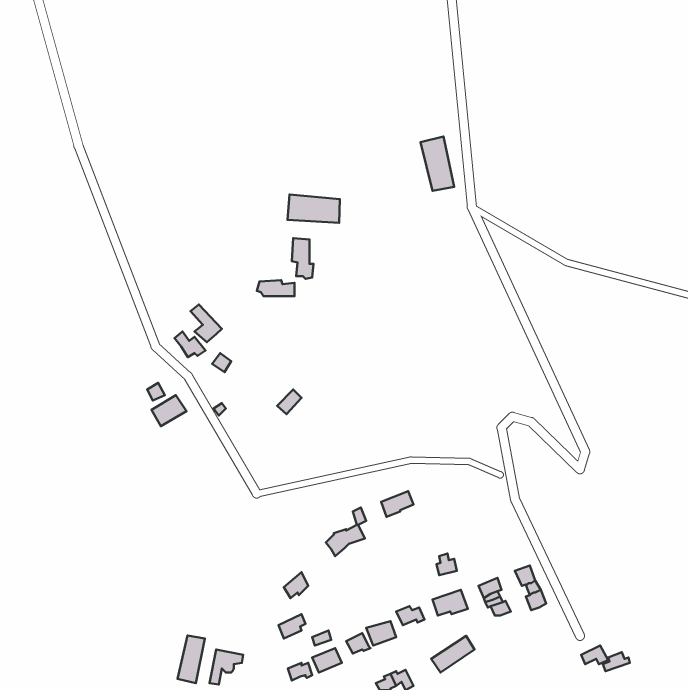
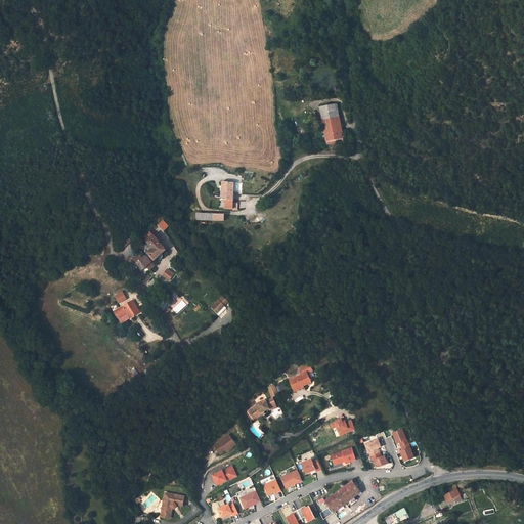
building: [288,194,340,223] -> none
building: [177,636,205,683] -> none

